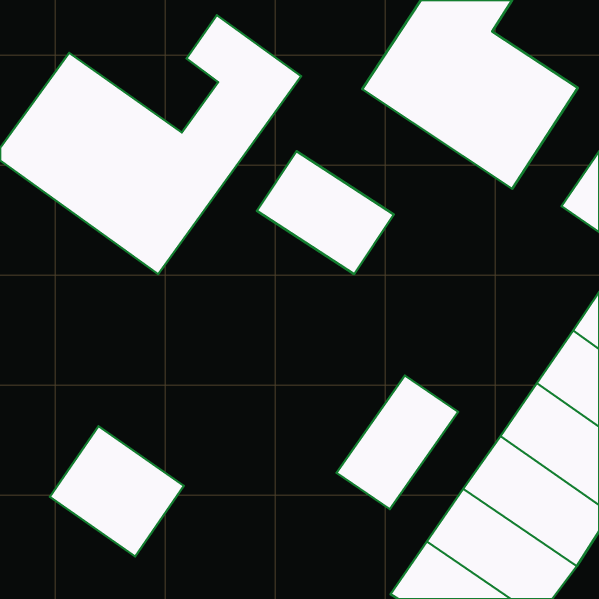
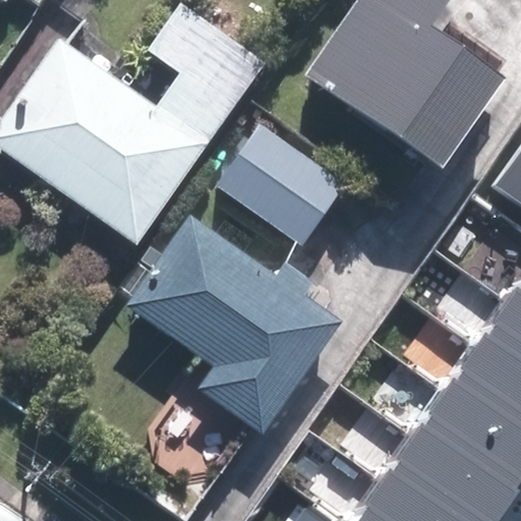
building: none -> [133,219,340,426]
building: [336,375,458,509] -> none
building: [50,426,184,557] -> none

